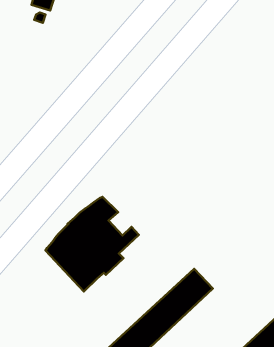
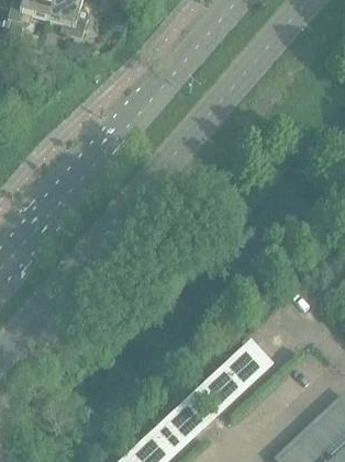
building: [45,197,139,292] -> none

